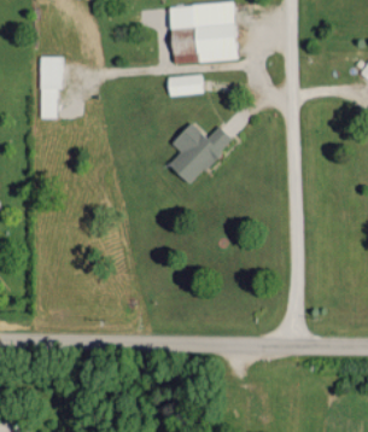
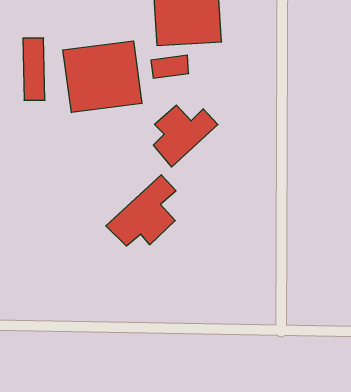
building: none -> [63,41,142,113]
building: none -> [106,175,176,246]

